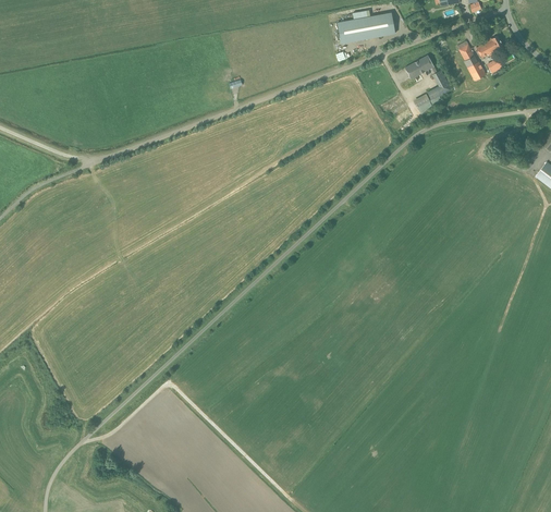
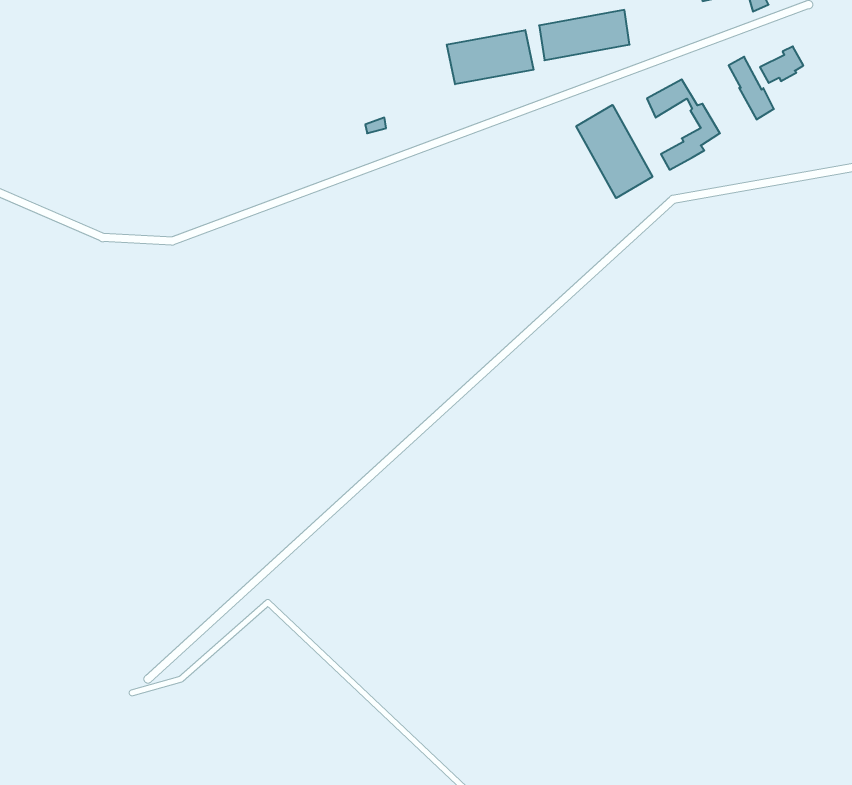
building: none -> [447,30,534,84]
building: none -> [576,105,652,198]

